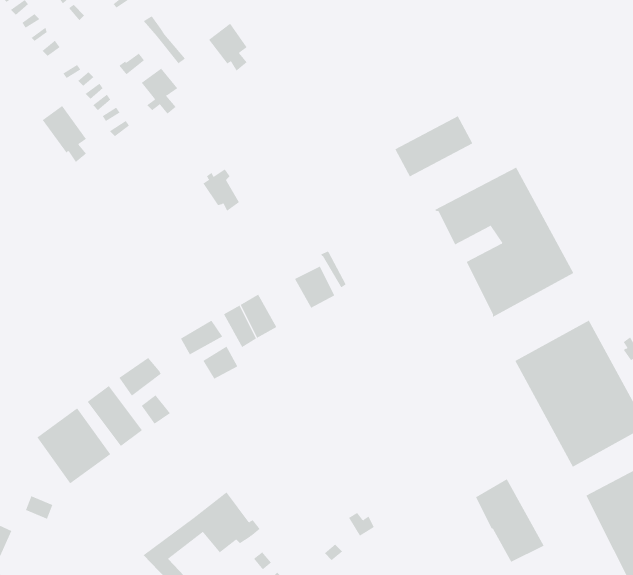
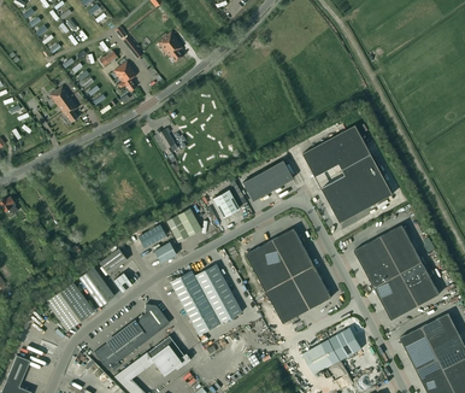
building: [395,115,473,177] -> [242,160,293,200]
building: none -> [246,228,331,323]
building: none -> [170,264,242,335]
building: none -> [94,304,169,369]
building: none -> [302,339,340,374]

